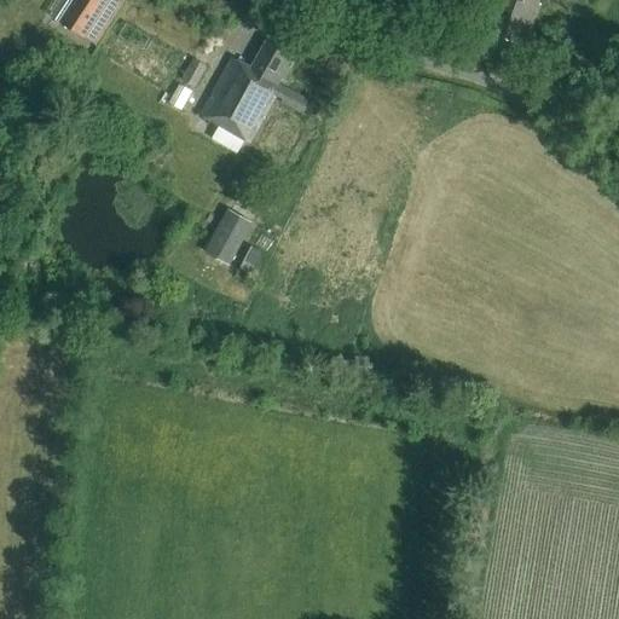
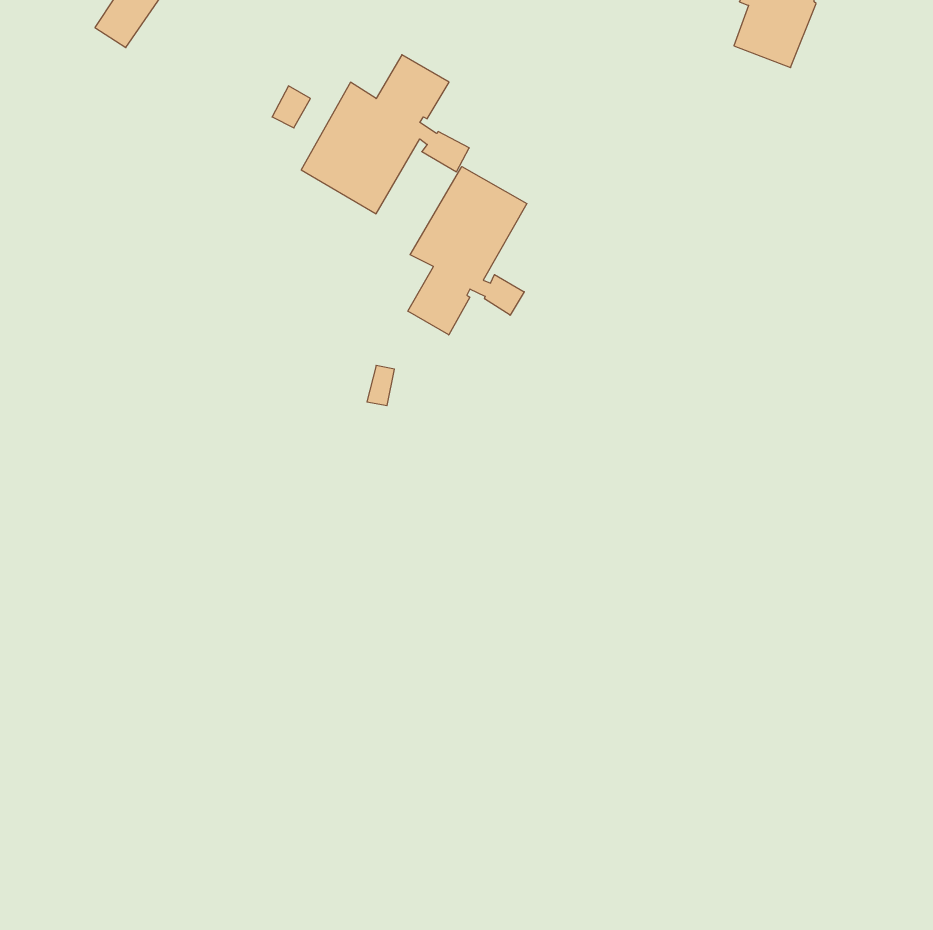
building: none -> [408,167,527,335]
building: [203,209,248,264] -> none

